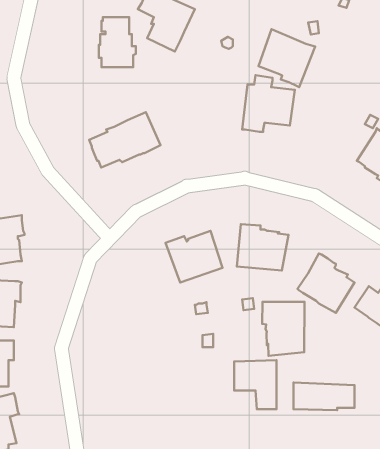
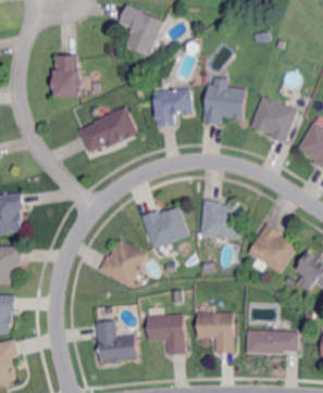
building: [99,17,136,67] -> [51,56,82,98]
building: [258,29,315,87] -> [250,96,297,143]
building: none -> [152,89,191,127]
building: none -> [97,240,144,286]
building: [262,302,305,356] -> none
building: none -> [145,314,183,353]
building: none -> [94,320,134,362]

